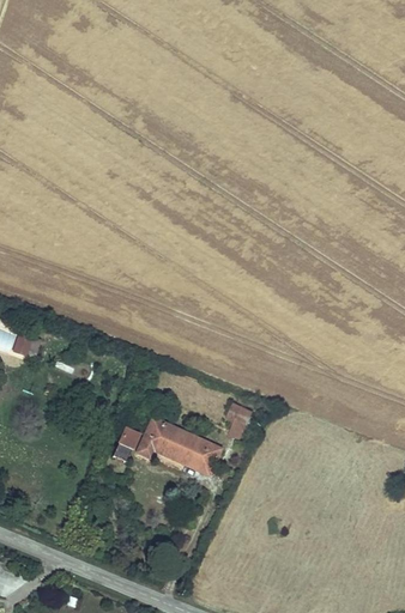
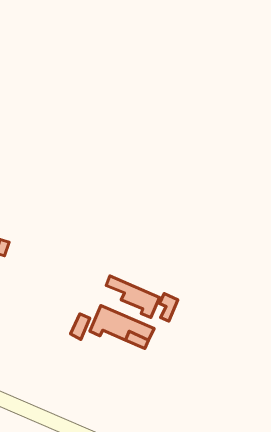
building: none -> [106,276,159,317]

